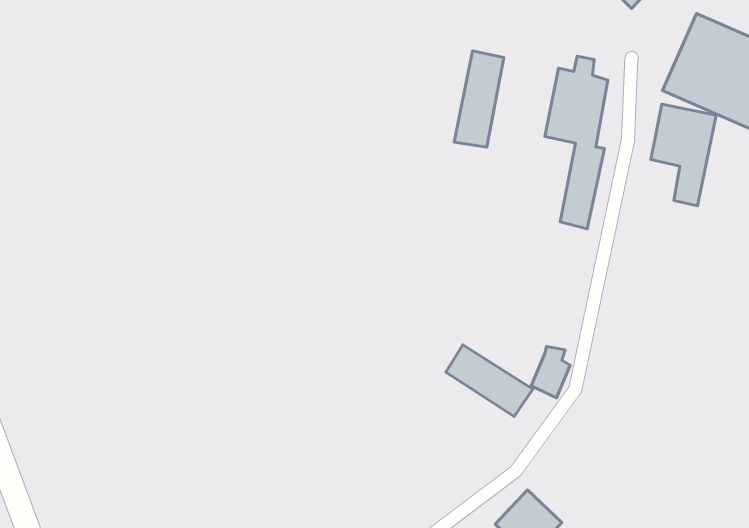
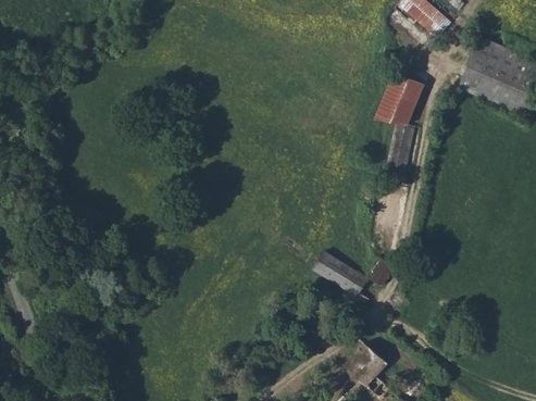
building: [454,51,504,147] -> none
building: [651,104,716,206] -> none

